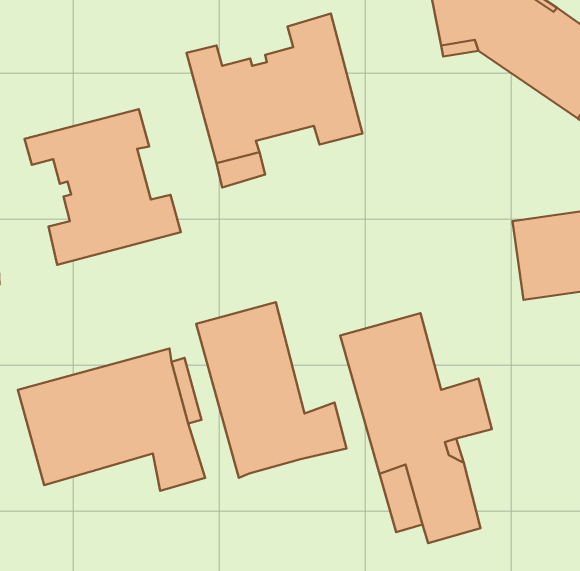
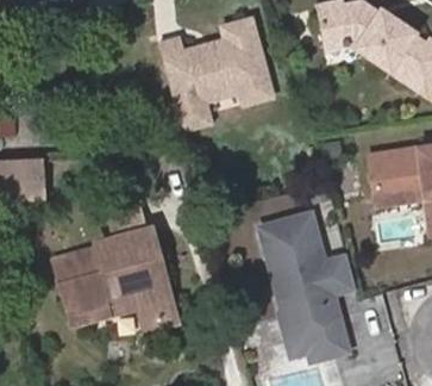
building: [25,109,181,265] -> none
building: [196,302,347,478] -> none

